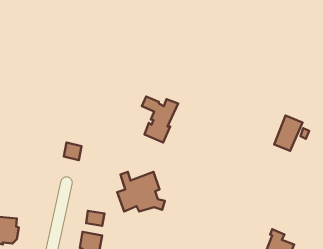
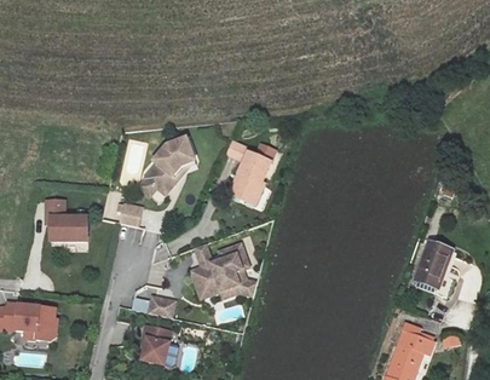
building: none -> [139,134,195,192]
building: [274,115,302,151] -> [413,242,451,290]
building: none -> [45,200,86,240]

